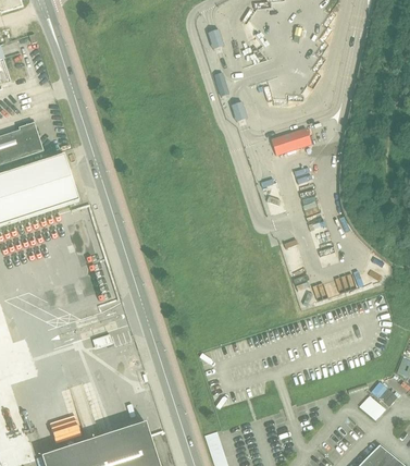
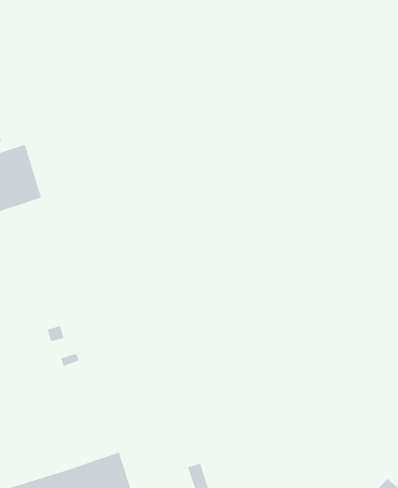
building: [270,127,311,156] -> none

